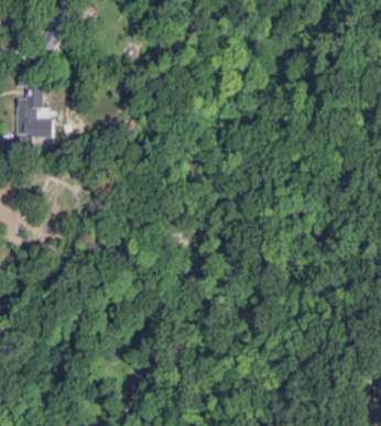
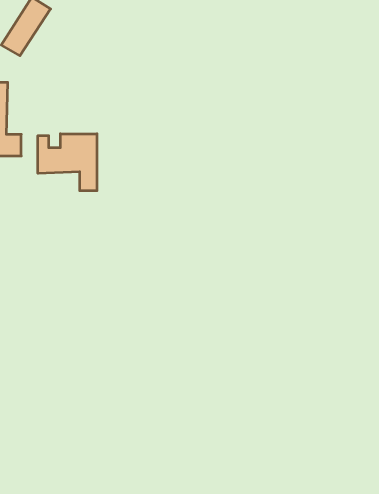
building: none -> [38,134,97,191]

